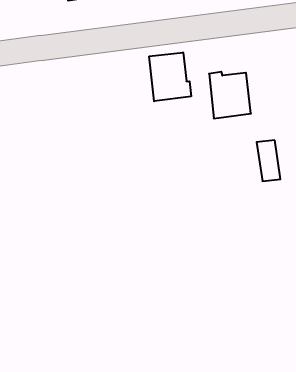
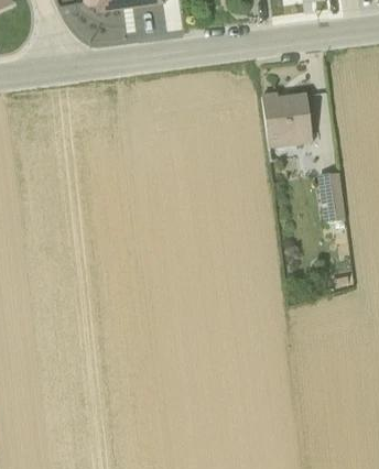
building: [149,52,191,101] -> none

